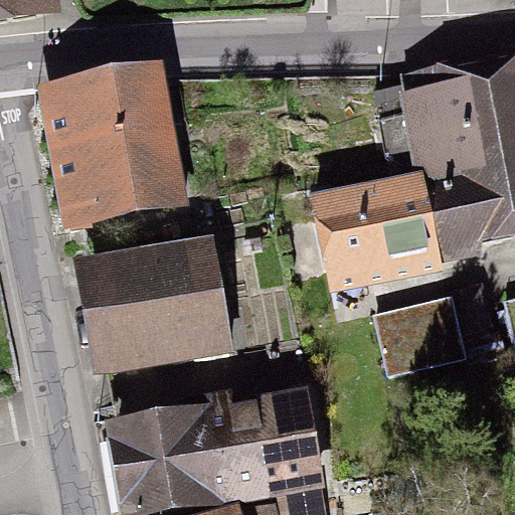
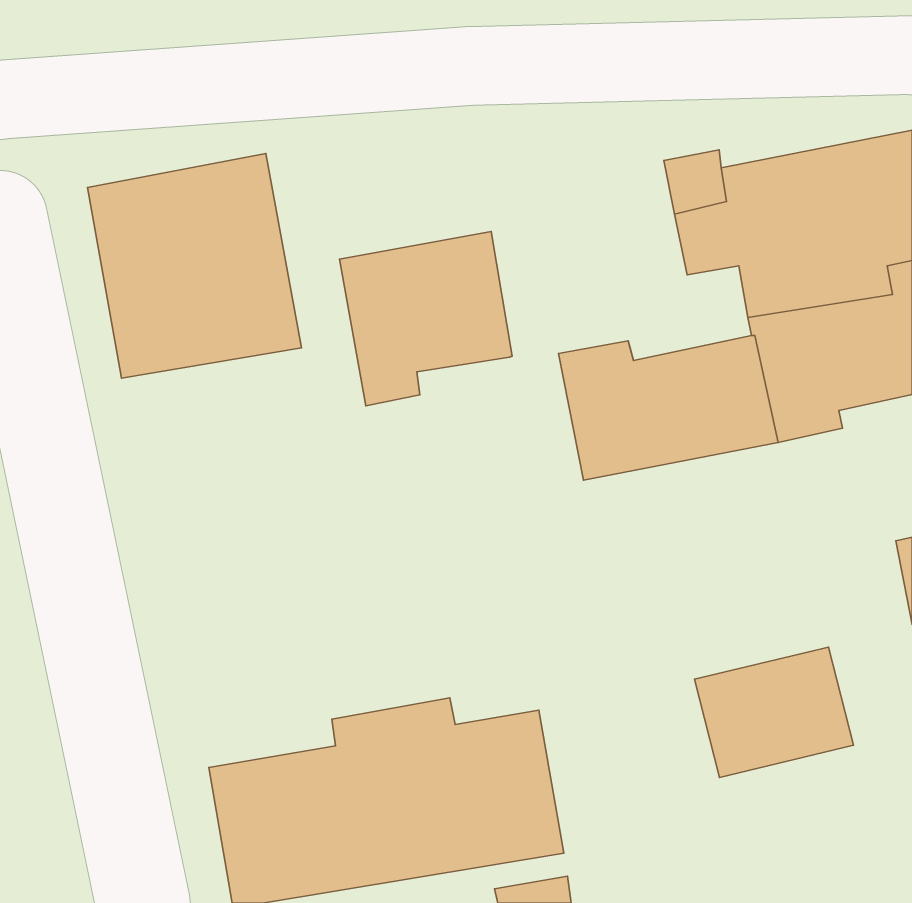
building: none -> [340,231,512,406]
building: [91,255,229,360] -> none
building: [375,301,465,374] -> [695,647,853,777]

